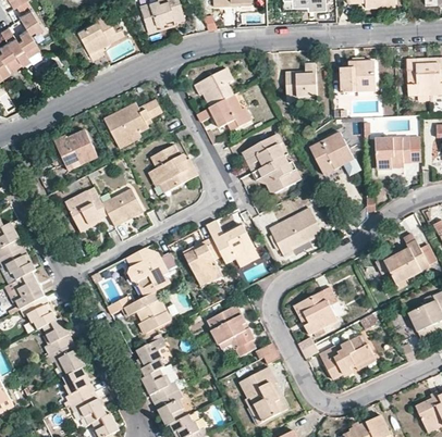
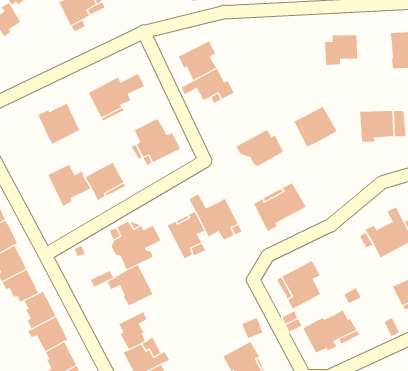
building: [285,64,317,103] -> none
building: [243,135,284,174] -> none
building: [208,305,255,357] -> none

